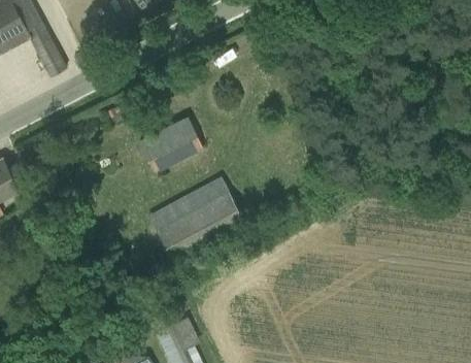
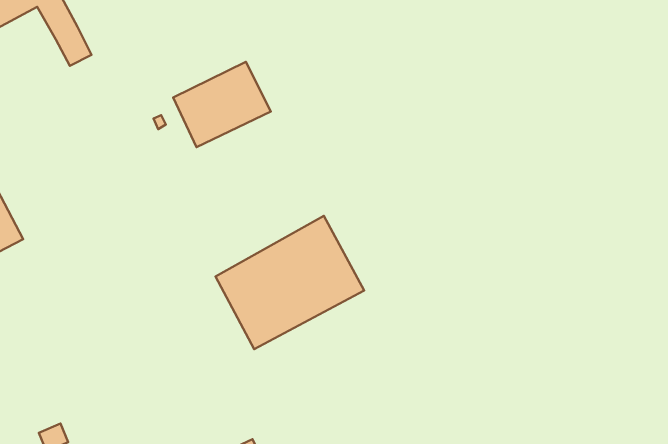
building: [138,118,203,174] -> [173,62,271,147]

